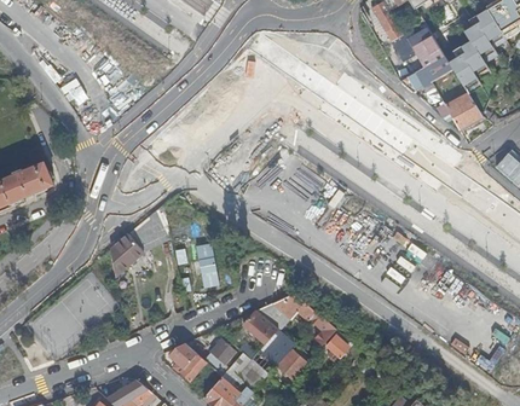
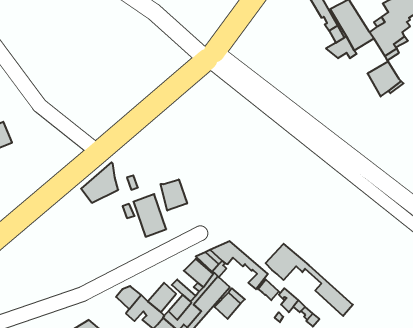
building: none -> [161,179,187,211]
building: [110,233,144,277] -> none
building: none -> [266,244,353,316]

